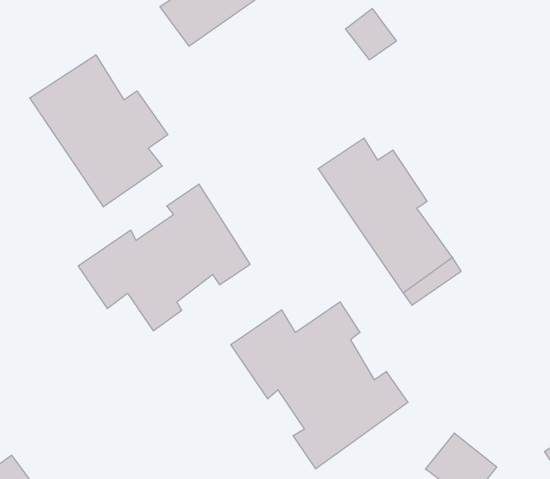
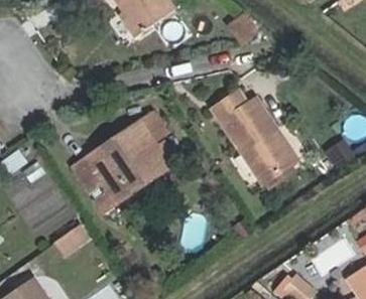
building: [30,55,168,207] -> none
building: [231,302,408,469] -> none

